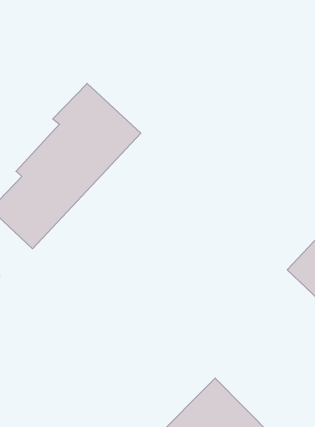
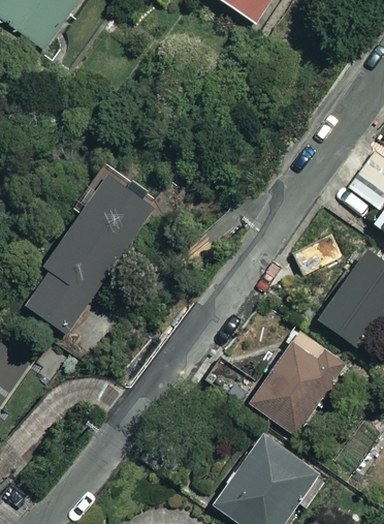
building: none -> [247,331,346,435]

